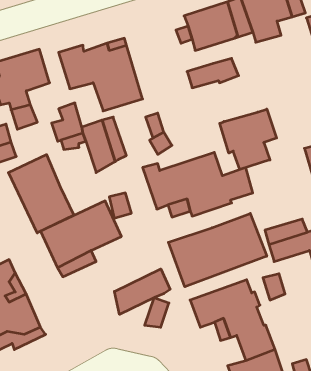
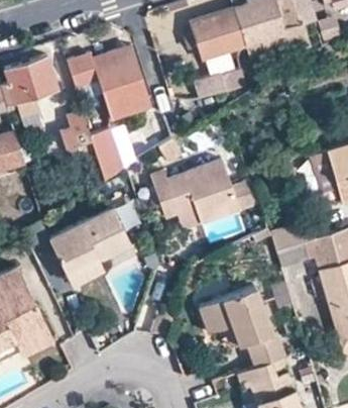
building: [220,109,277,169] -> none
building: [8,155,74,233] -> none
building: [168,213,267,287] -> none
building: [114,269,170,314] -> none

